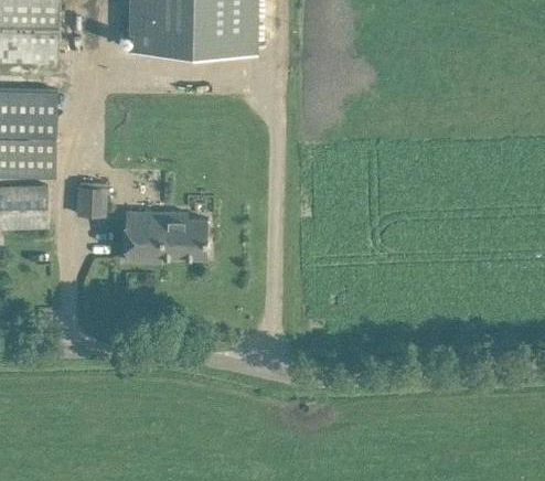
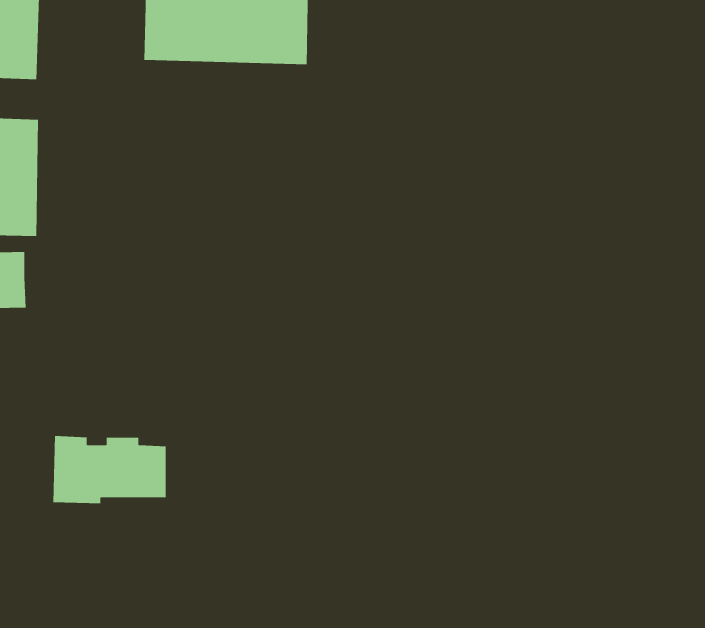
building: [75,186,106,213] -> none
building: [124,210,206,259] -> [53,436,167,504]

